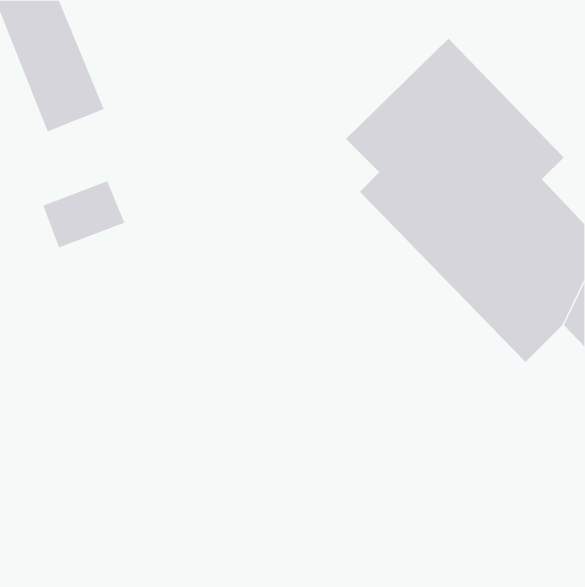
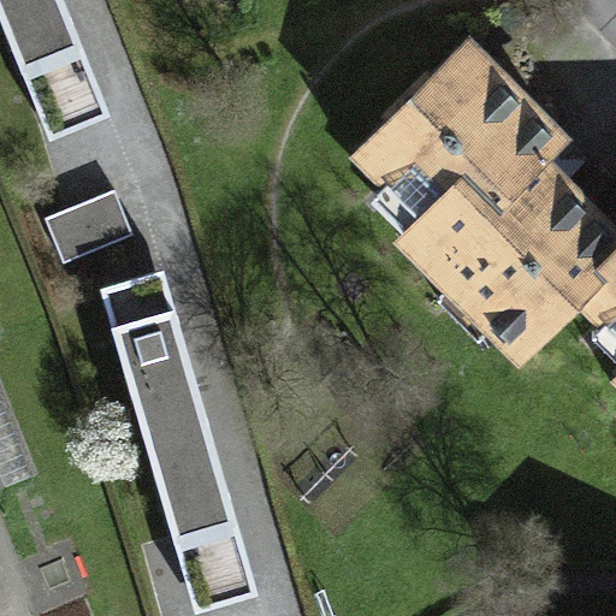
building: none -> [99,268,257,610]

